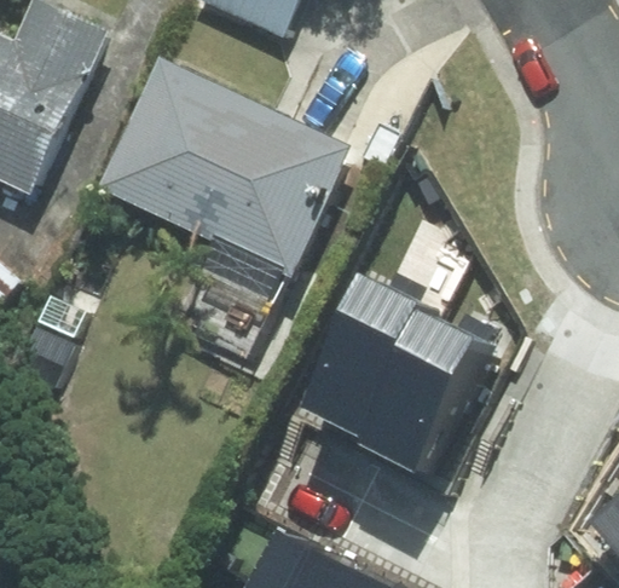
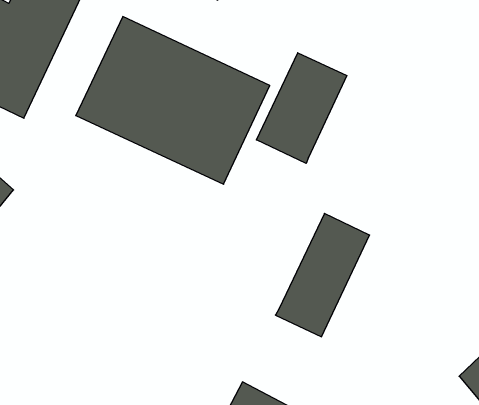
building: none -> [256,53,347,163]
building: [302,276,422,434] -> none

